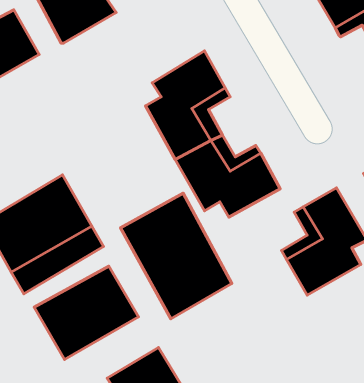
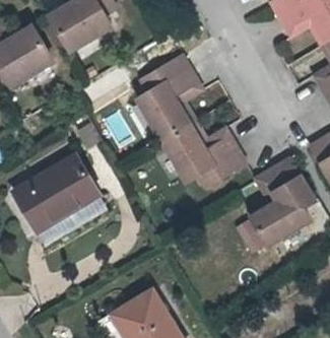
building: [120,193,232,319] -> none
building: [34,266,139,360] -> none

